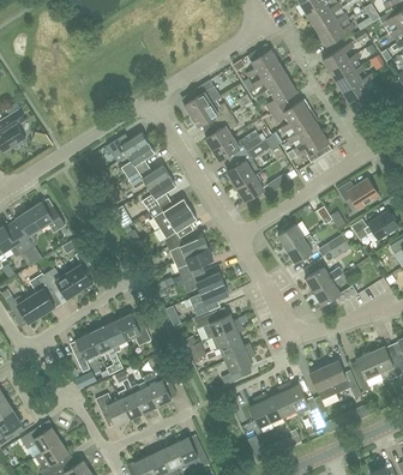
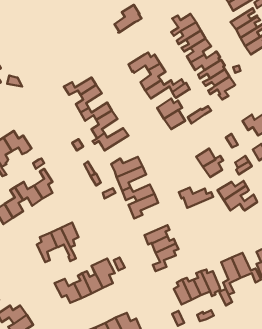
building: [185,79,219,115] -> [114,5,141,32]
building: [160,208,197,245] -> none
building: [197,312,241,338] -> [179,187,213,208]
building: [118,314,151,345] -> none

